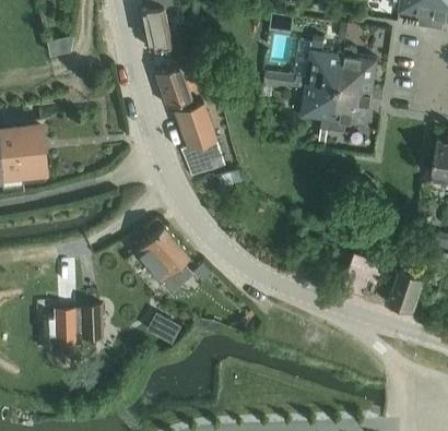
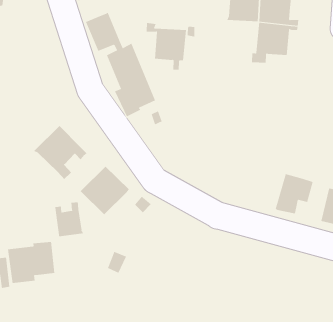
building: [296,76,340,130] -> [146,23,187,70]
building: none -> [33,125,87,180]
building: none -> [55,201,84,237]

